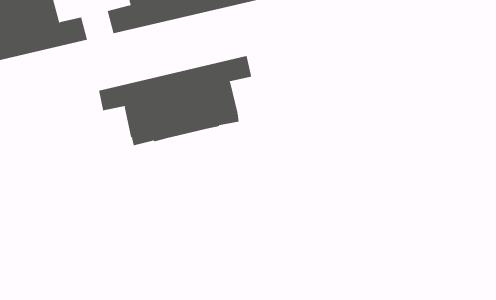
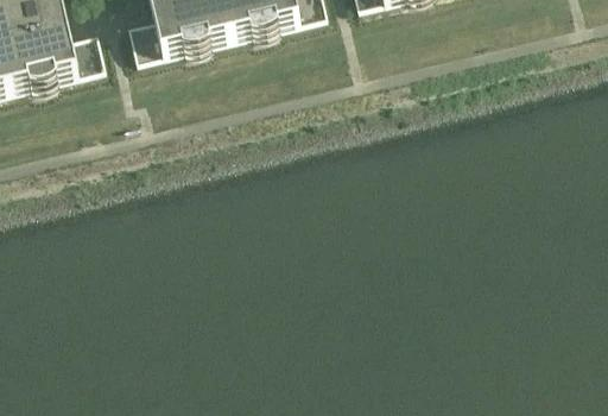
building: [99,55,252,146] -> none

